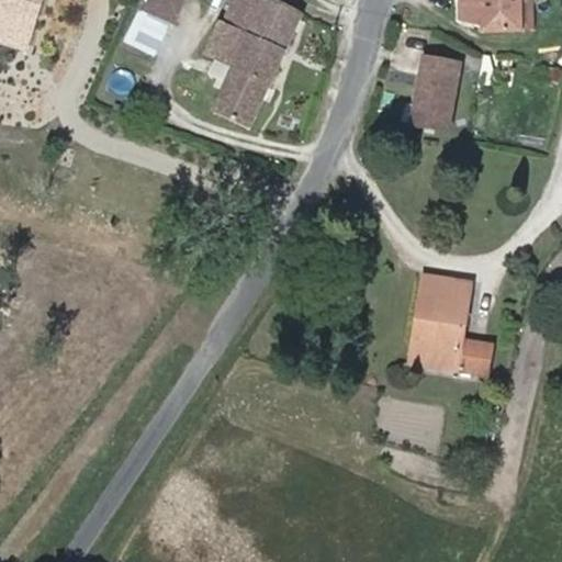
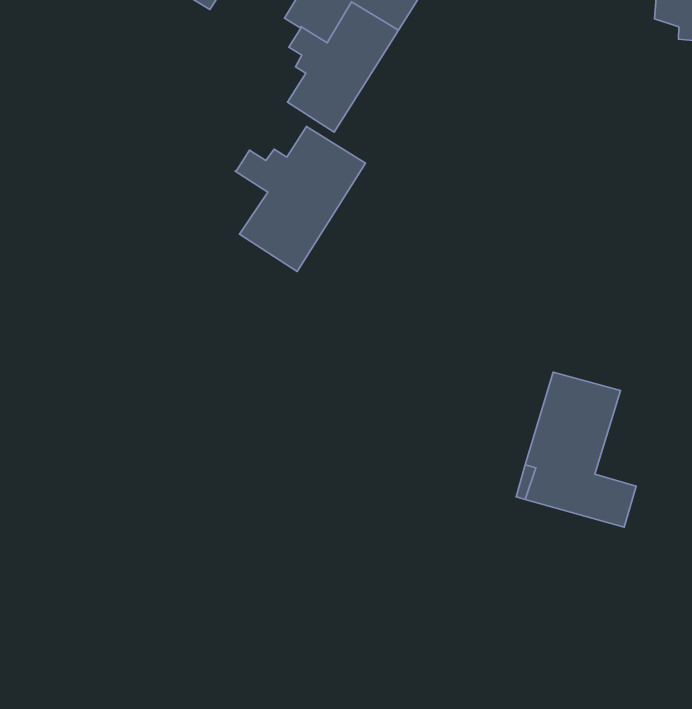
building: [409,56,453,126] -> none
building: none -> [235,127,365,272]

